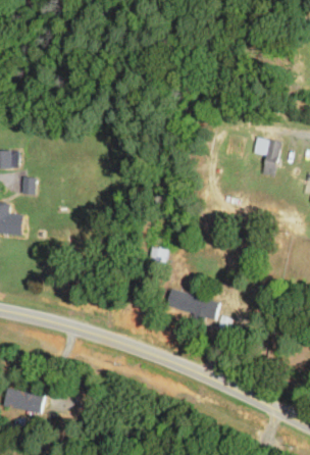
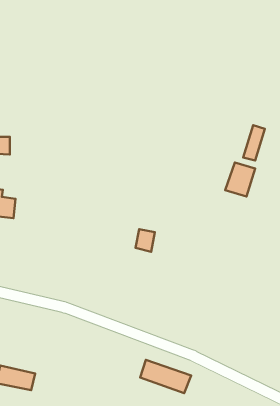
building: none -> [225,162,255,197]
building: [166,288,219,322] -> [140,360,191,393]

